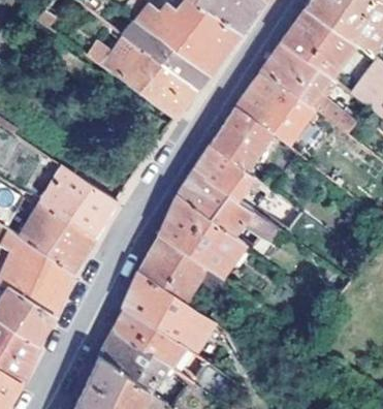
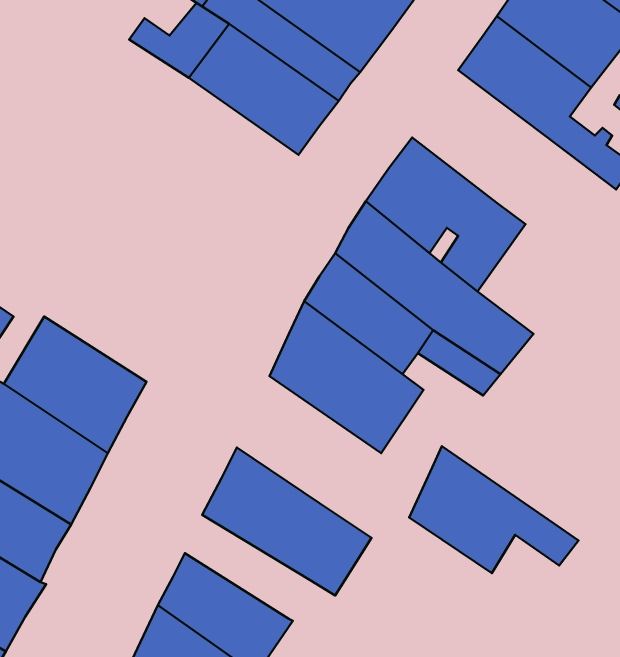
building: [237,70,309,141] -> none
building: [40,166,118,238] -> none
building: [143,234,234,303] -> [409,446,579,573]
building: [116,309,183,365] -> none

